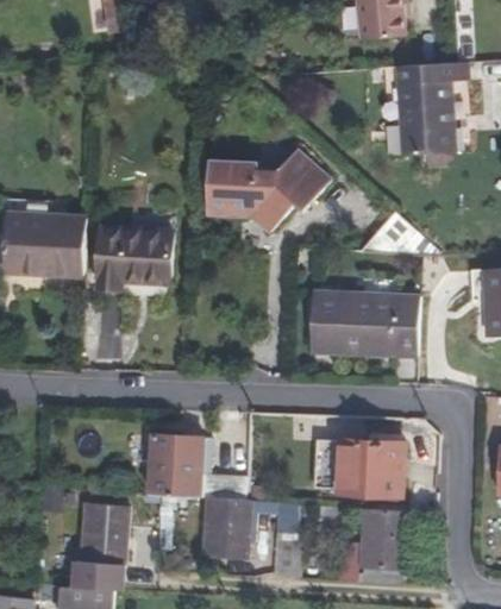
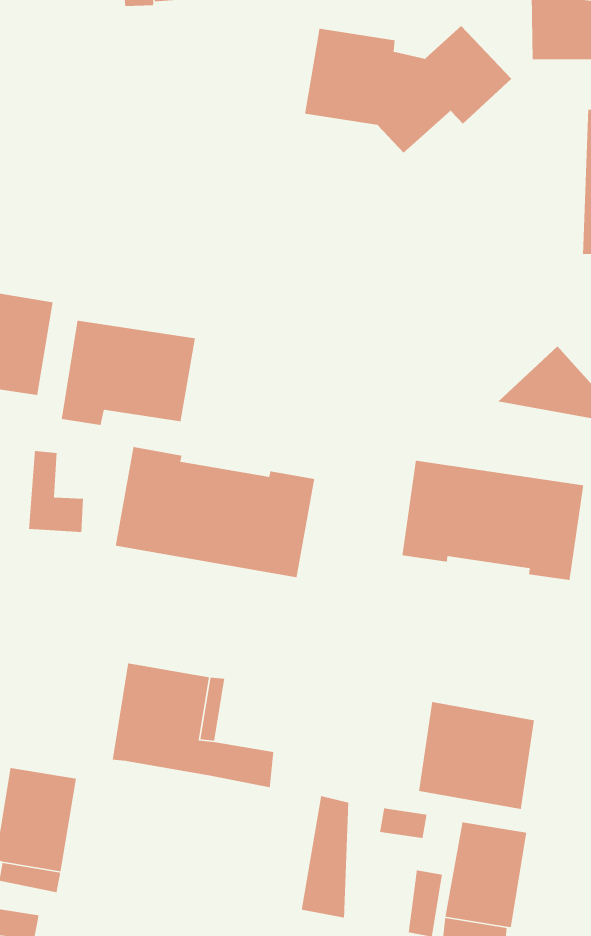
building: [205,150,330,232] -> [304,25,512,154]
building: none -> [115,446,315,578]
building: [205,497,249,559] -> none

